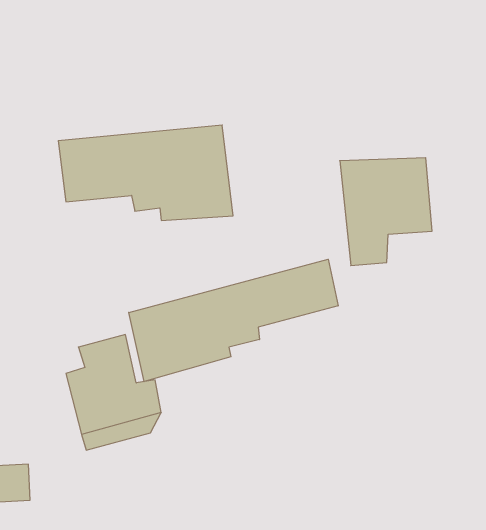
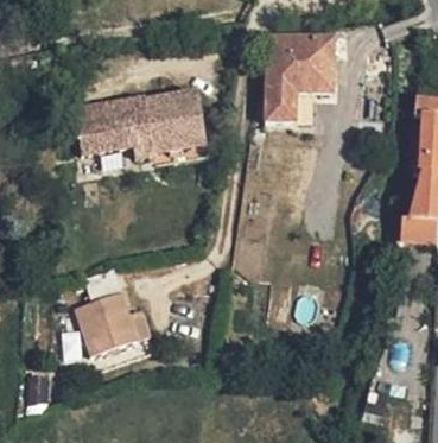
building: [340,158,432,266] -> [266,34,336,116]
building: [129,259,338,382] -> none

